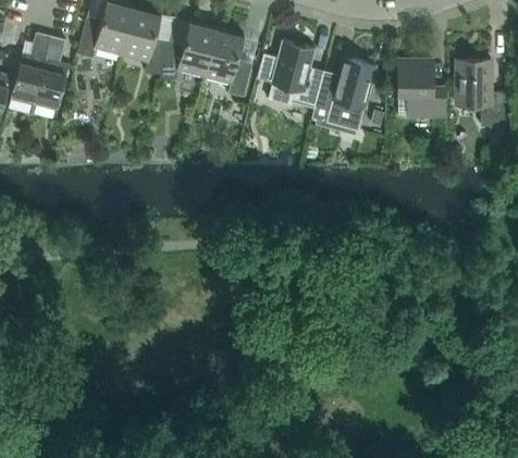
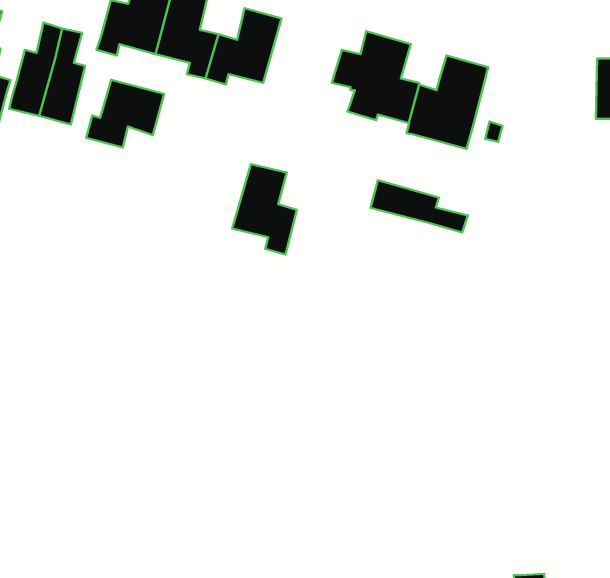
building: [202,29,251,98] -> [232,164,297,254]
building: [397,61,444,116] -> none
building: none -> [86,80,164,147]
building: none -> [371,180,468,233]

